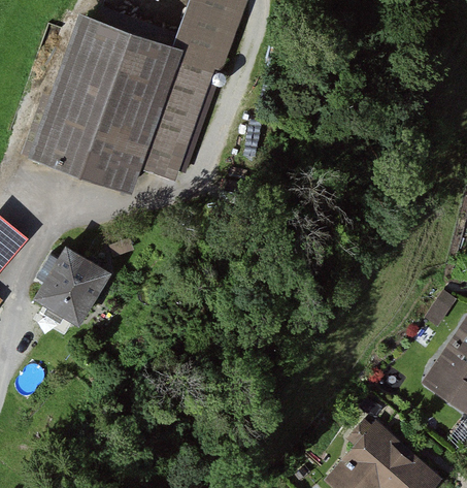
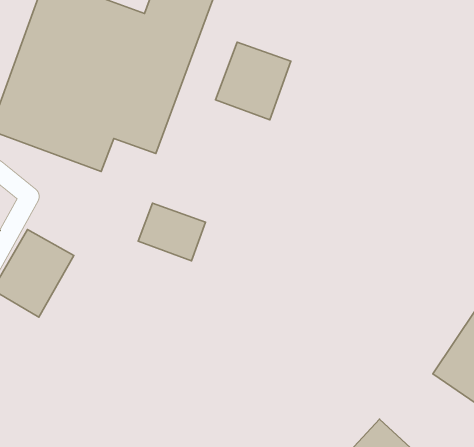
building: none -> [215,42,291,120]
building: none -> [138,203,205,261]

